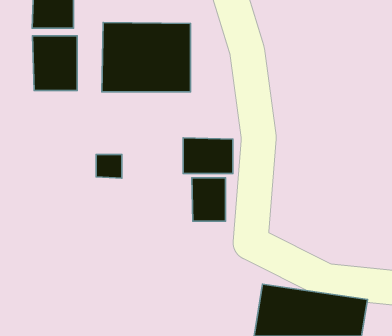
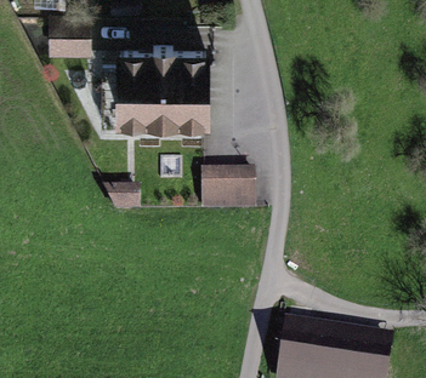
building: [33,36,77,90] -> none
building: [192,178,225,221] -> none

